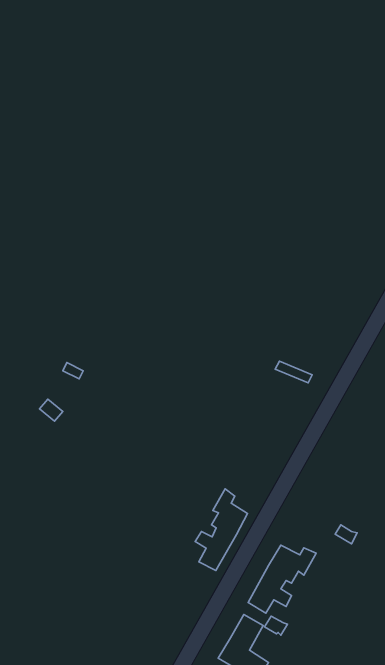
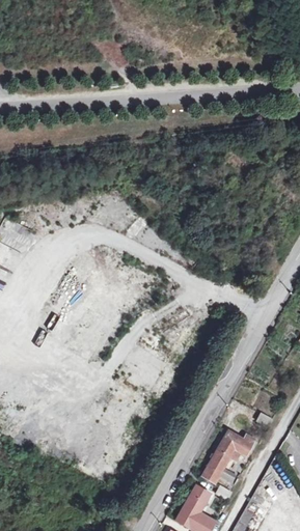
building: [195,489,248,571] -> none

